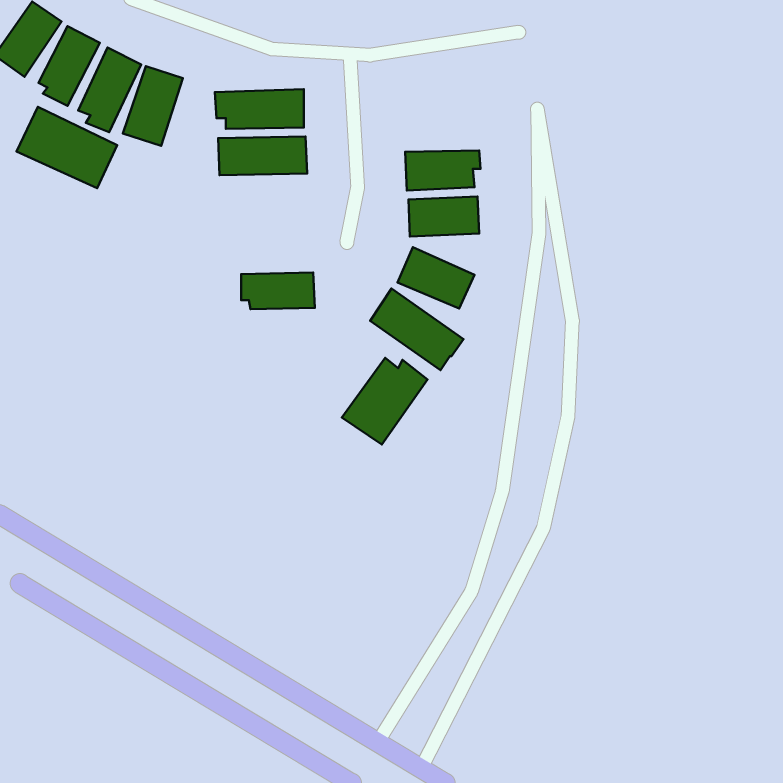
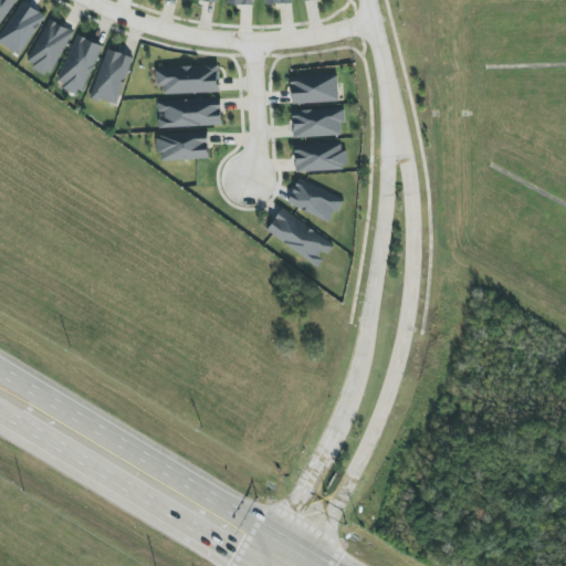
building: none -> [290,74,339,103]
building: [16,107,117,188] -> none
building: [241,272,315,309] -> [155,133,208,159]
building: [342,358,427,445] -> none

